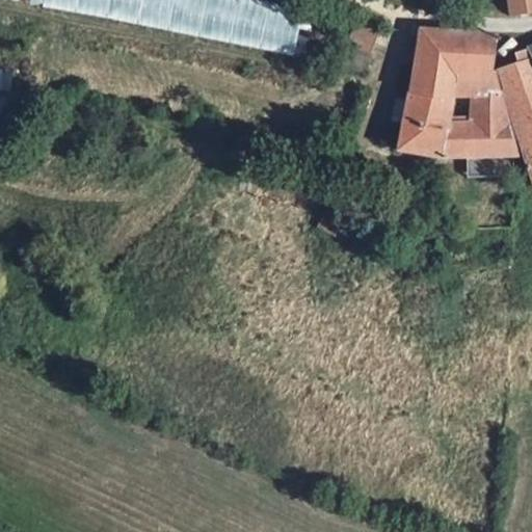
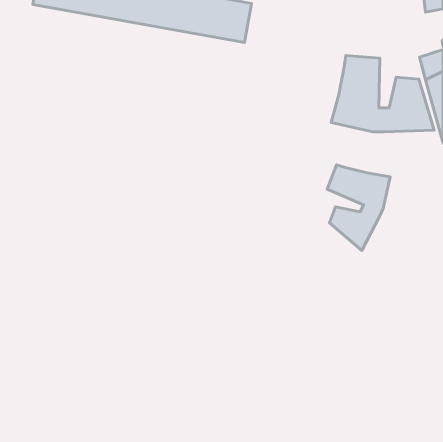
building: [415,30,496,73] -> none
building: none -> [327,165,390,251]

